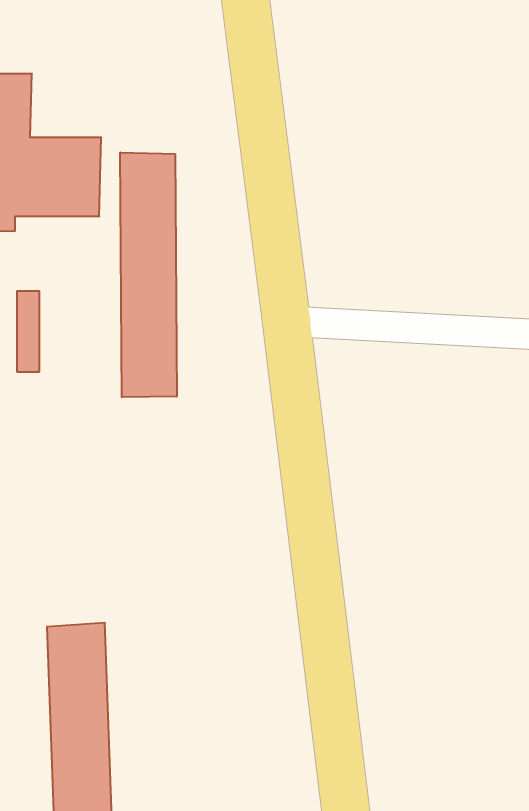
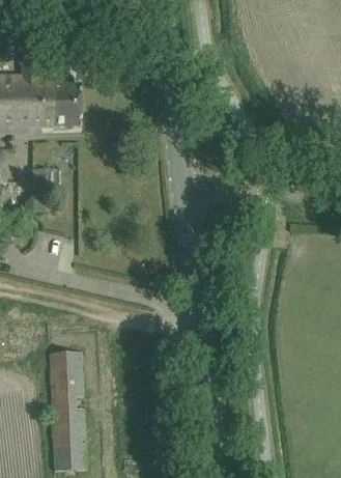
building: [120,152,177,397] -> none

